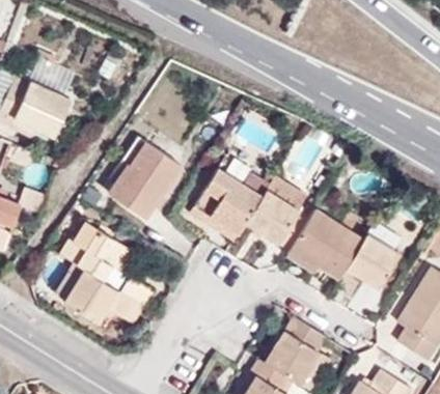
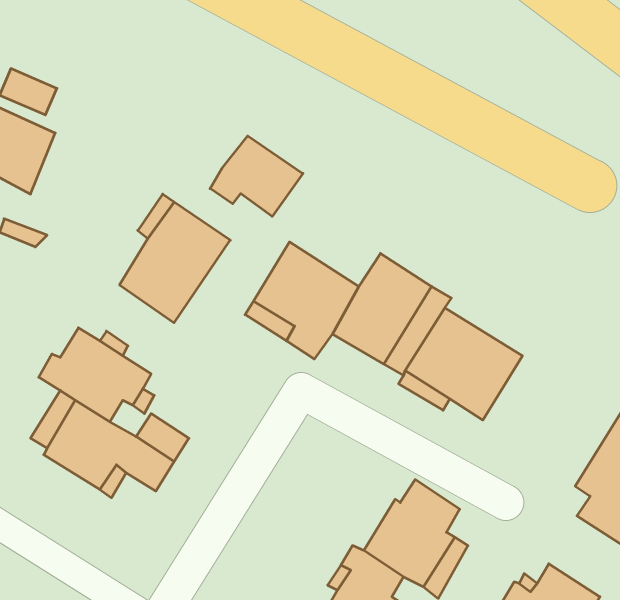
building: none -> [210,136,303,216]
building: [335,232,401,297] -> none

